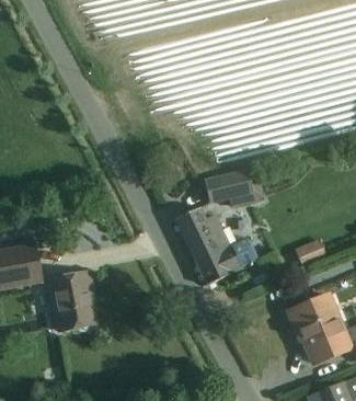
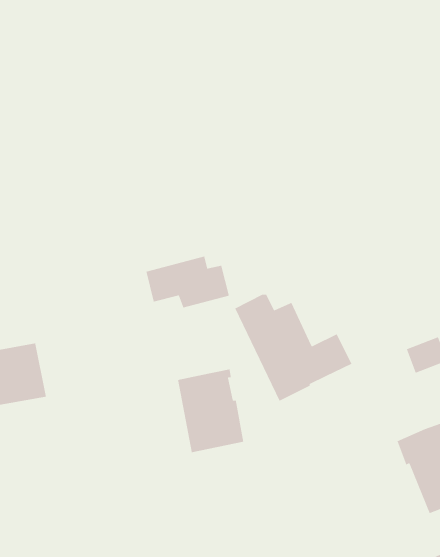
building: [206,169,265,206] -> [145,255,230,309]
building: [49,271,96,330] -> [177,369,244,453]

